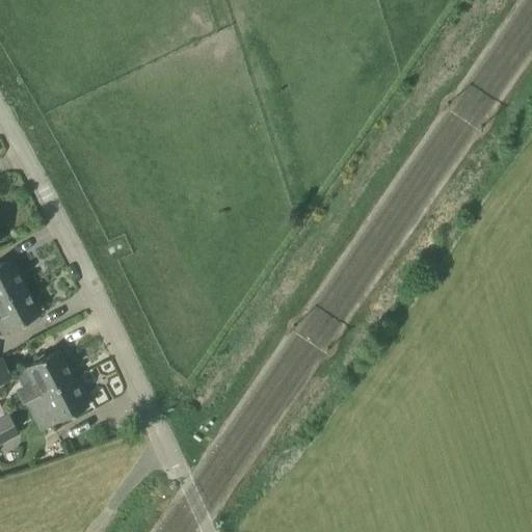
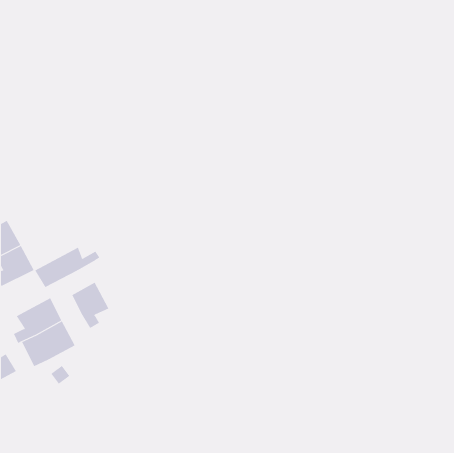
building: none -> [35,247,100,288]
building: none -> [71,282,109,329]

